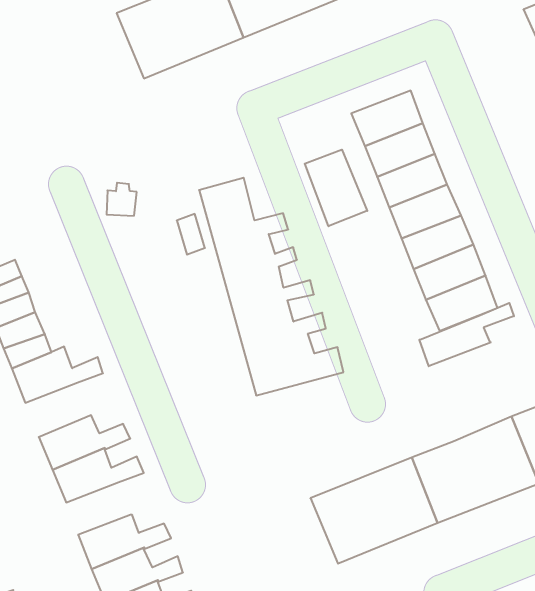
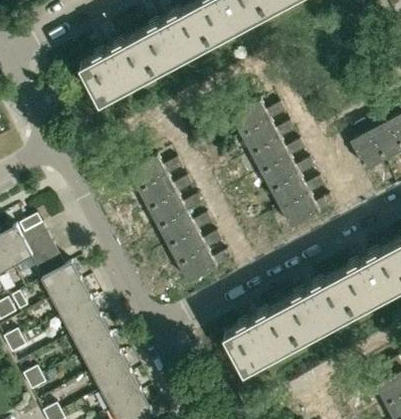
building: [305,150,367,226] -> none
building: [419,303,514,366] -> none
building: none -> [53,286,107,321]
building: none -> [83,342,137,375]

